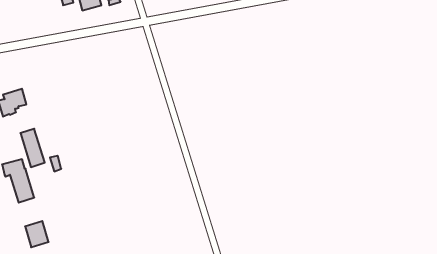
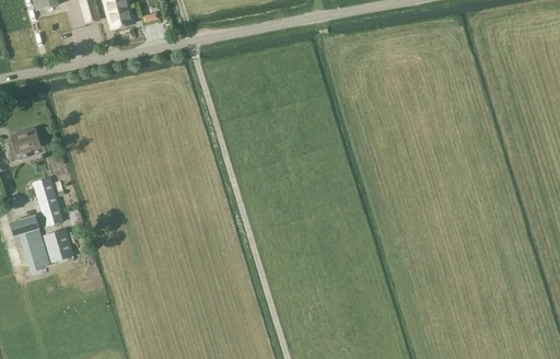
building: [25,221,49,247] -> [44,230,73,263]

